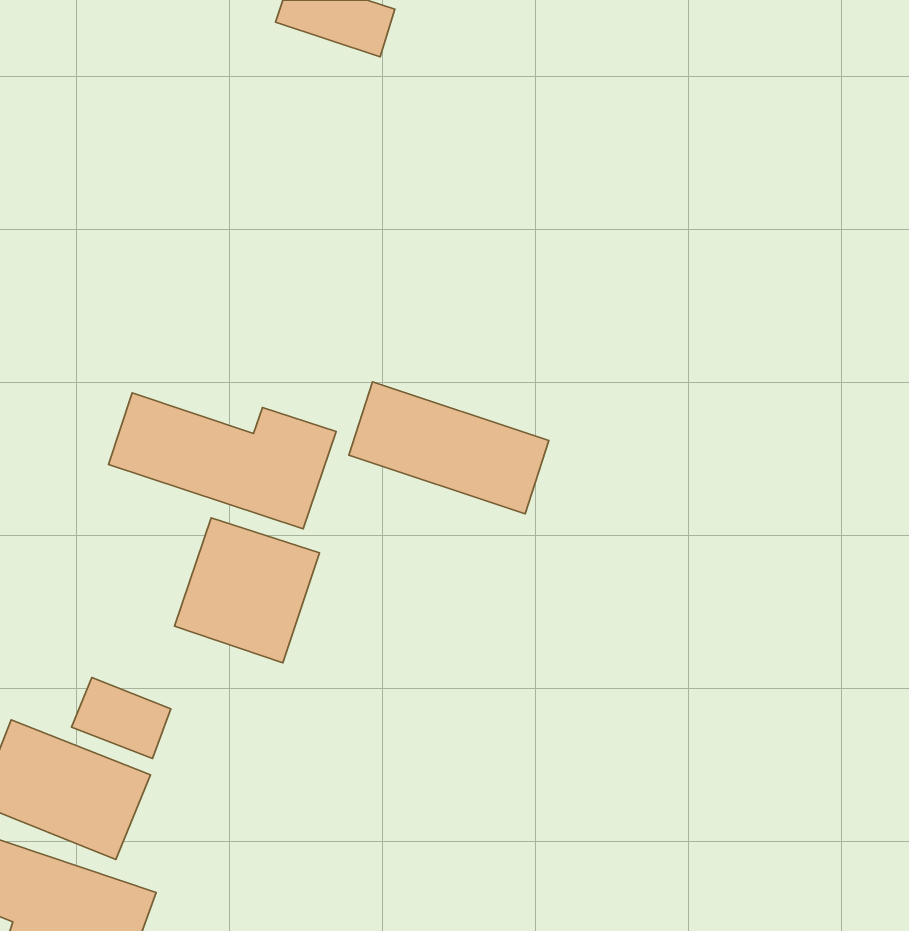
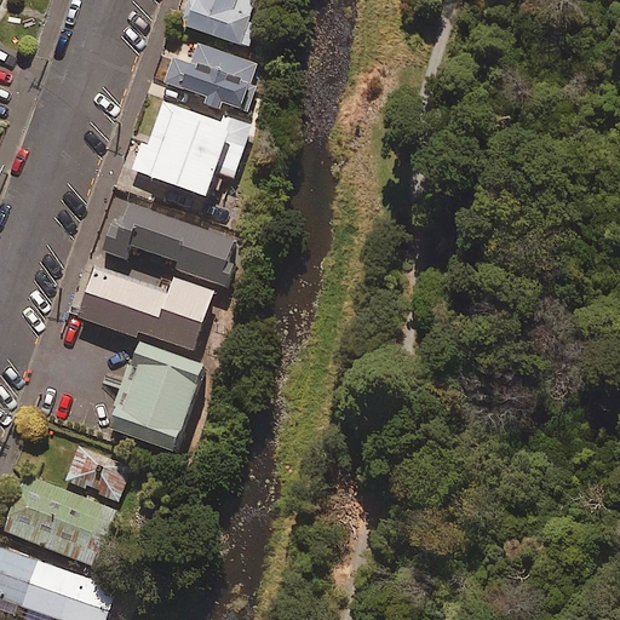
building: none -> [174,40,262,116]
building: none -> [137,97,239,203]
building: [349,382,549,514] -> [99,195,231,282]

